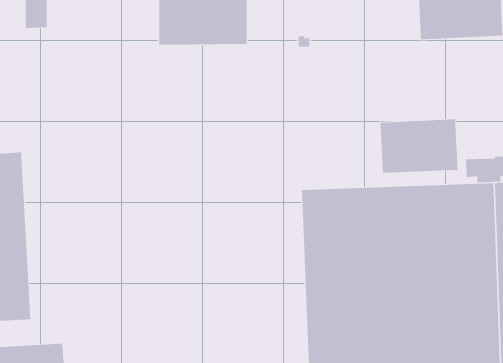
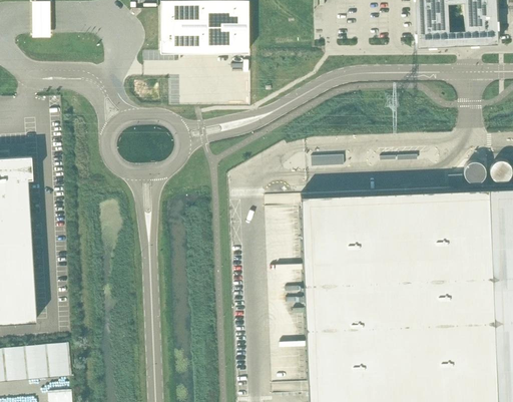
building: [380,118,458,173] -> none

